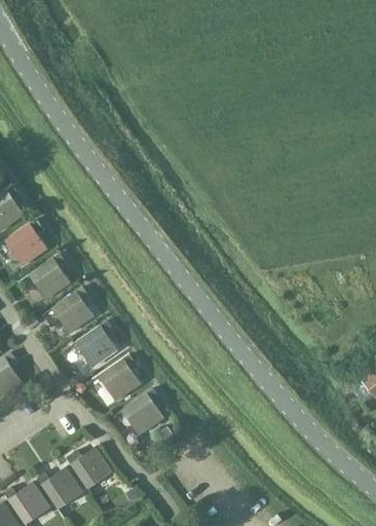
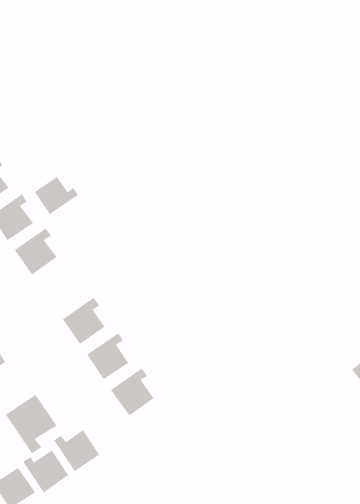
building: none -> [34,176,79,215]
building: [50,287,92,334] -> none
building: none -> [5,394,57,454]

